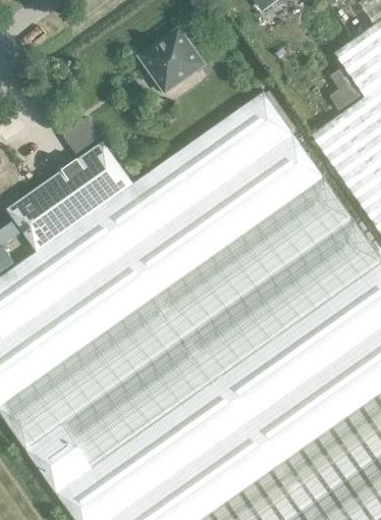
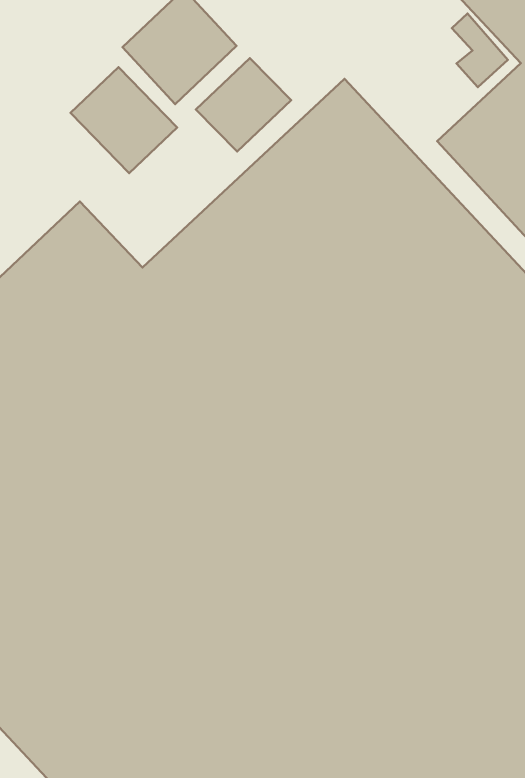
building: none -> [71,67,177,173]
building: none -> [196,58,291,152]

